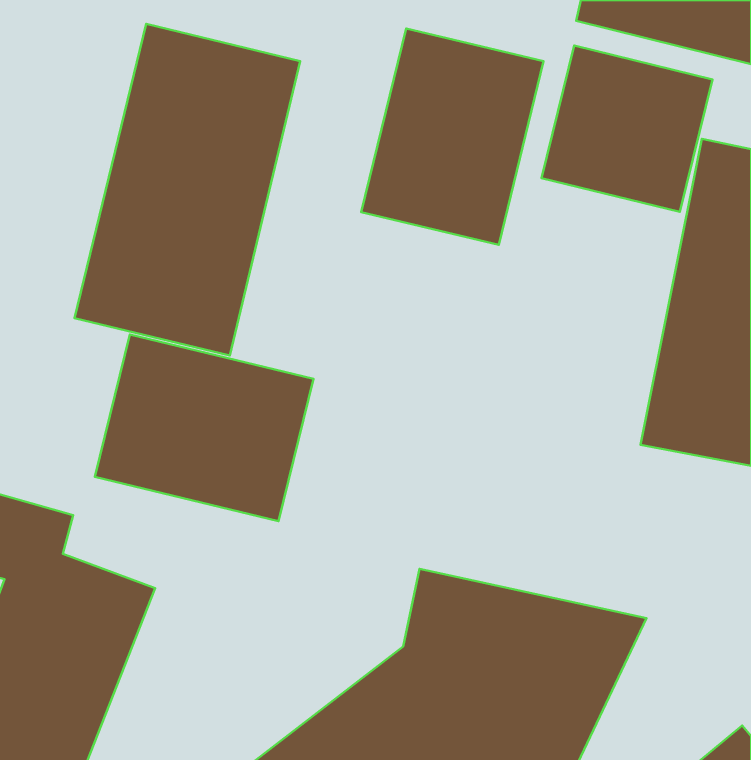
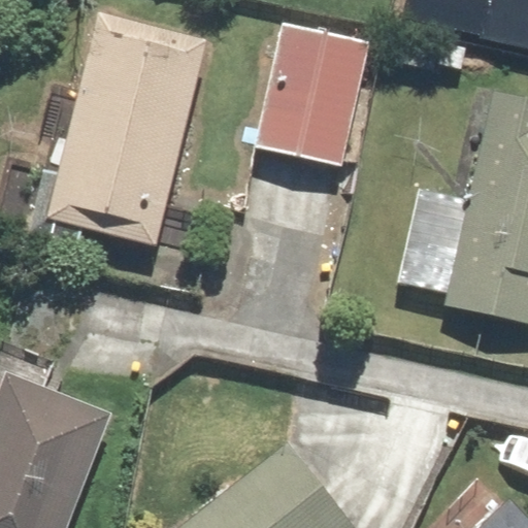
building: [541,46,713,212] -> none
building: [95,335,313,521] -> none

